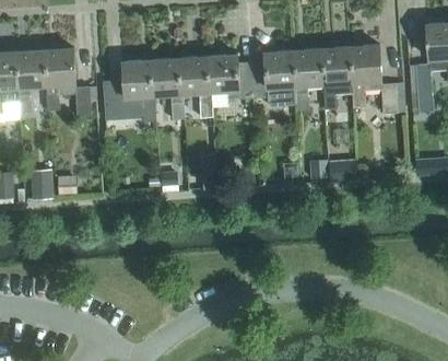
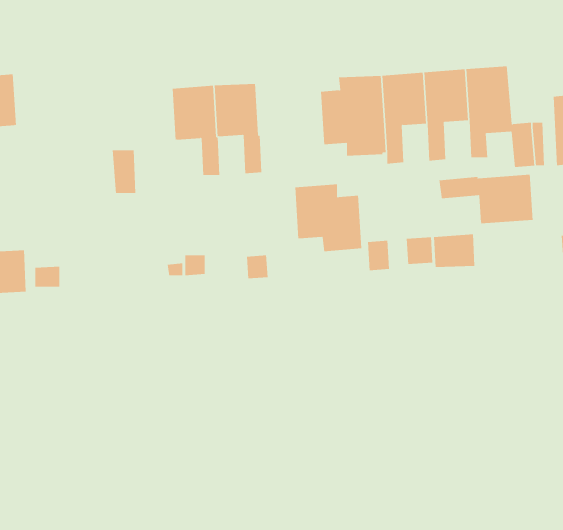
building: [44,48,91,117] -> none
building: [208,55,254,101] -> [294,184,362,252]
building: [122,60,156,121] -> none
building: none -> [439,174,533,224]

